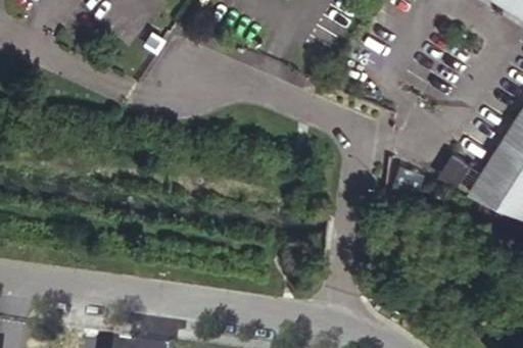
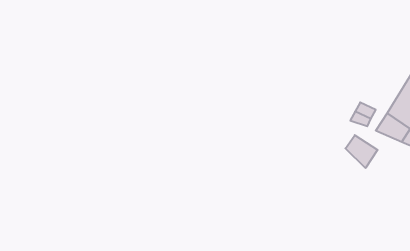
building: none -> [345,135,378,168]

